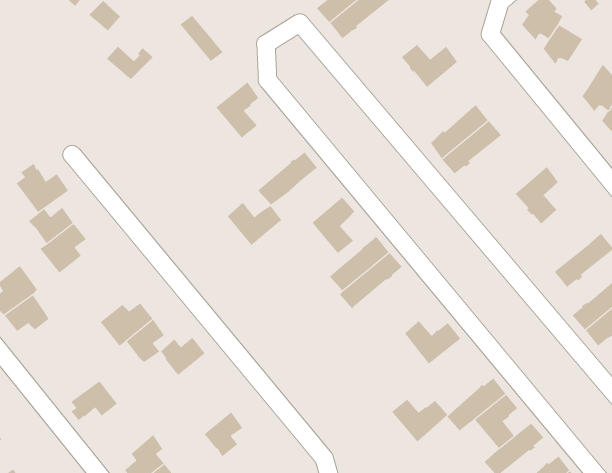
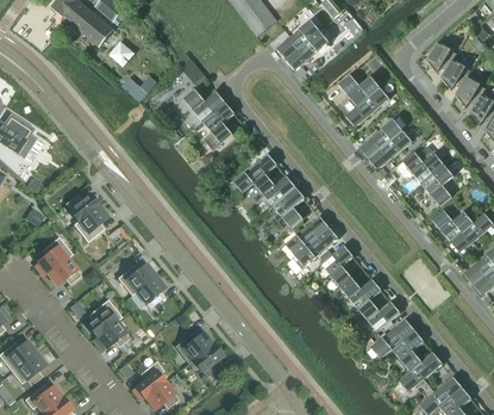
building: none -> [456,70,486,107]
building: none -> [345,87,389,126]
building: none -> [183,88,226,120]
building: none -> [402,150,445,184]
building: [16,163,69,213] -> none
building: [227,202,282,246] -> [255,173,295,205]
building: none -> [432,209,474,241]
building: none -> [321,244,354,286]
building: [160,337,206,376] -> [181,332,214,360]
building: none -> [88,299,123,336]
building: [391,399,448,443] -> [358,299,400,332]

